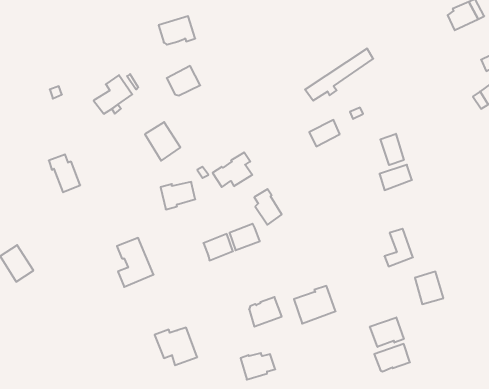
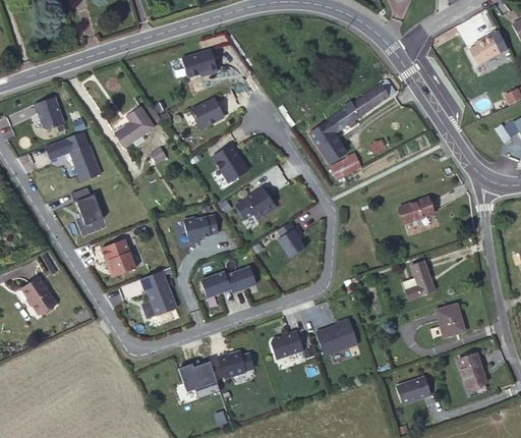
building: none -> [34,97,63,129]
building: none -> [311,122,348,164]
building: none -> [44,130,101,181]
building: [145,122,180,161] -> [212,144,247,182]
building: [380,134,404,165] -> none
building: none -> [103,239,136,277]
building: [229,224,260,250] -> [200,272,231,298]
building: [370,317,404,347] -> none
building: none -> [459,353,487,388]
building: [241,353,275,380] -> [219,352,253,379]

